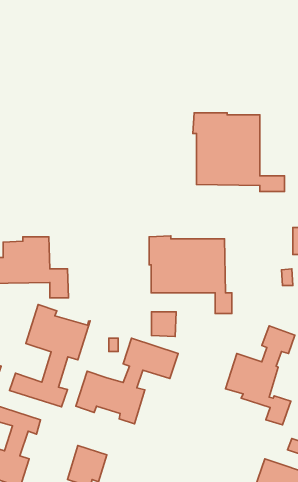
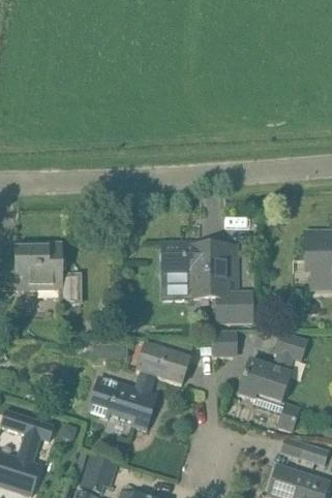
building: [193,113,284,192] -> none
building: [10,304,90,407] -> none
building: [151,312,176,337] -> [211,330,236,354]

